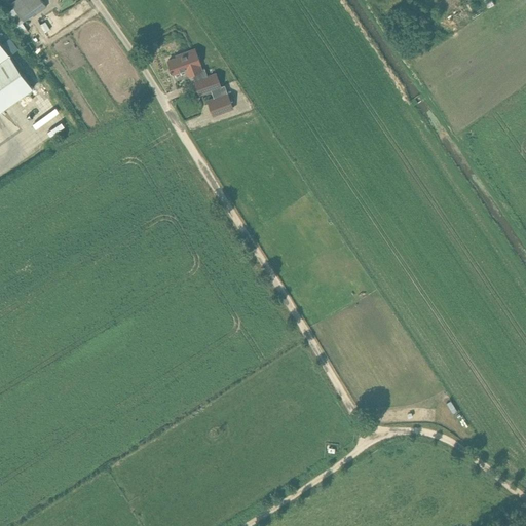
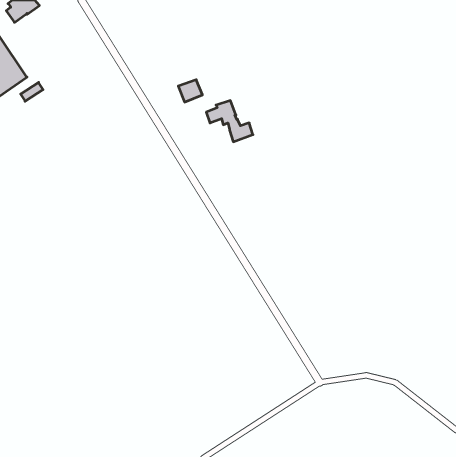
building: [166,48,220,96] -> [206,101,253,142]

